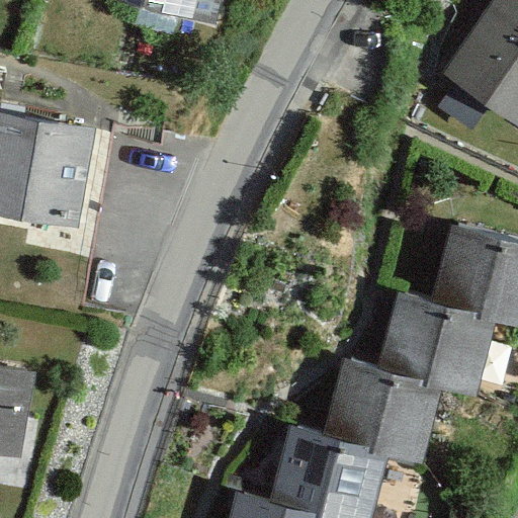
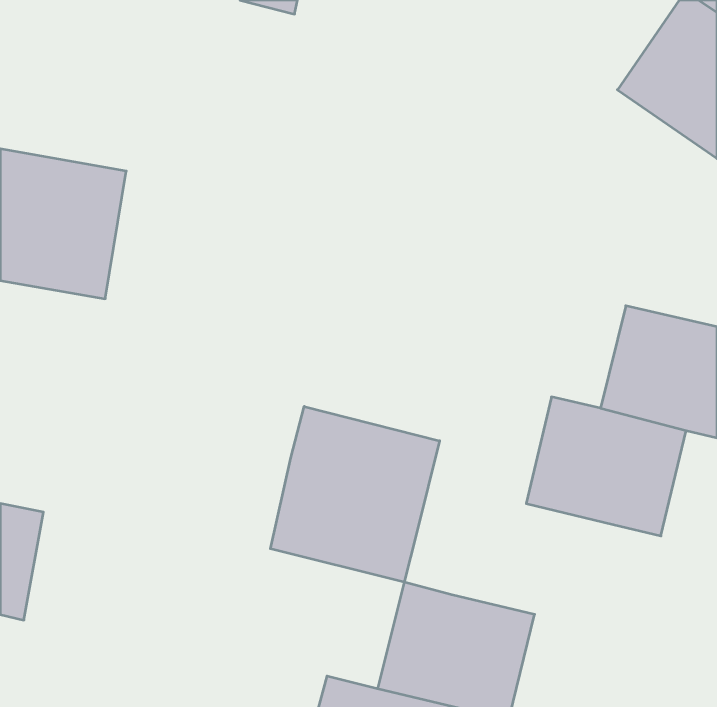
building: none -> [270,406,440,582]
building: [326,361,442,459] -> none

